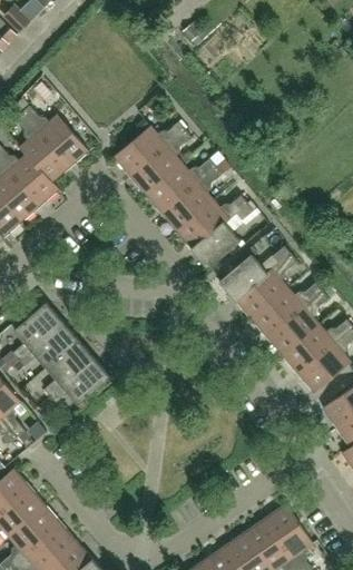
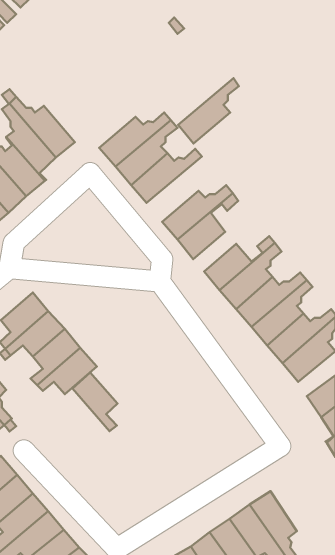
building: [160,166,222,232] -> [178,78,239,144]
building: none -> [72,372,118,431]

